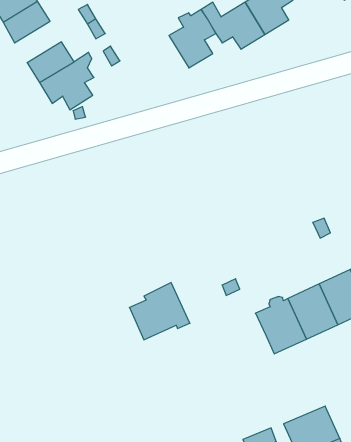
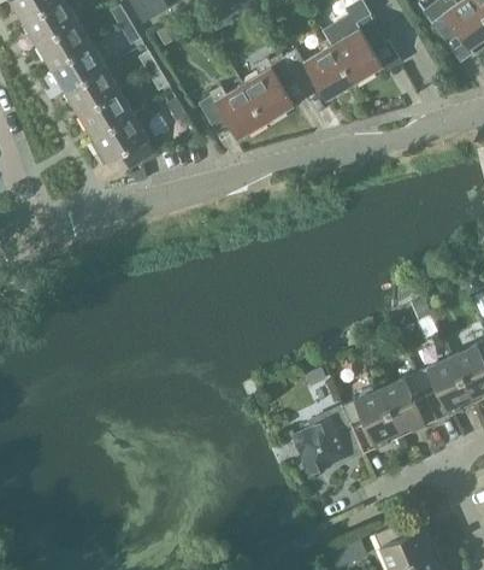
building: none -> [64,69,118,117]
building: none -> [196,86,265,140]
building: [129,283,190,340] -> [294,406,364,472]

